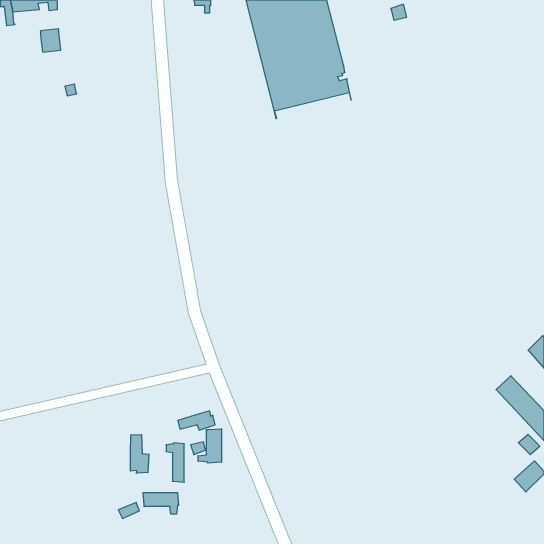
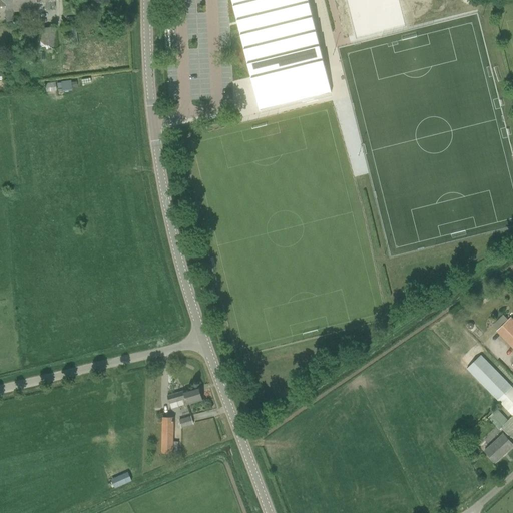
building: [198,429,222,463] -> none
building: [130,435,149,473] -> none
building: [143,493,179,514] -> none

